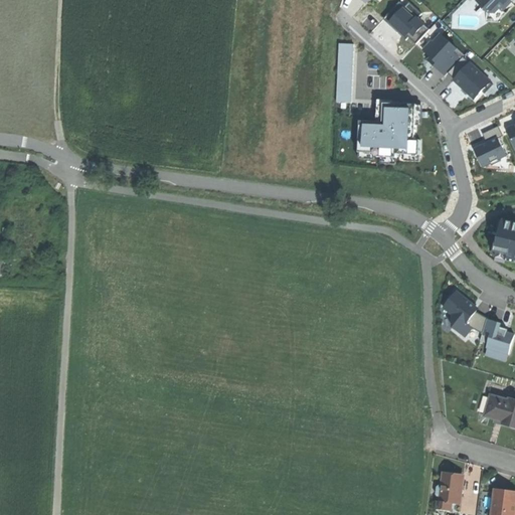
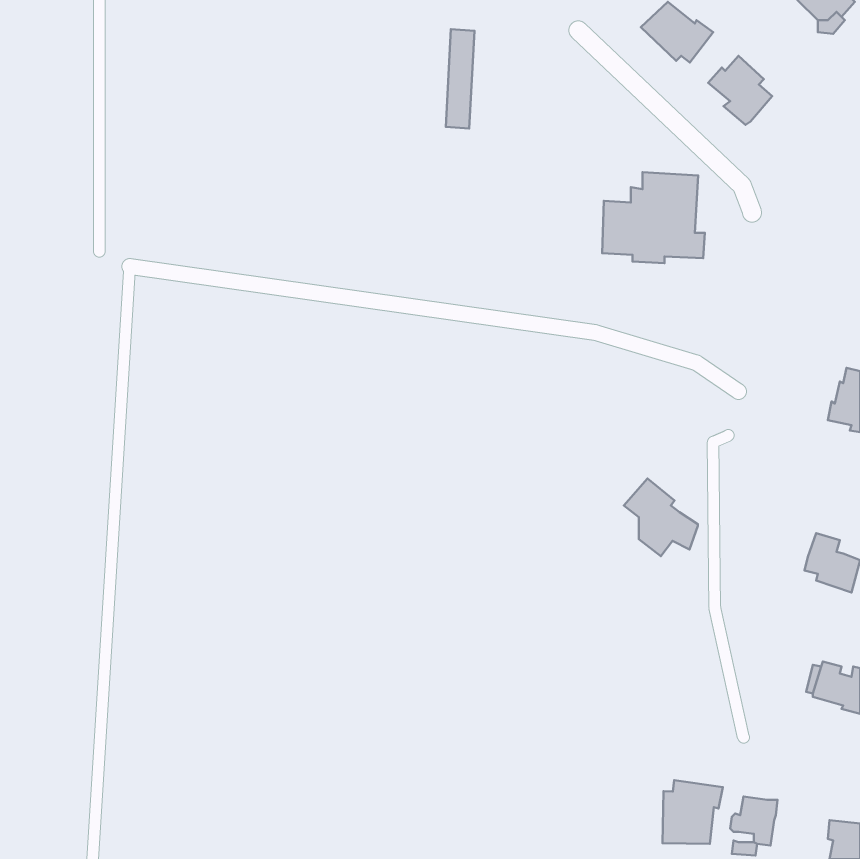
building: [336,42,353,102] -> [446,29,474,129]
building: [448,56,493,98] -> none
building: [477,125,506,165] -> none
building: [443,290,487,336] -> [624,478,698,556]
building: none -> [662,780,723,844]

